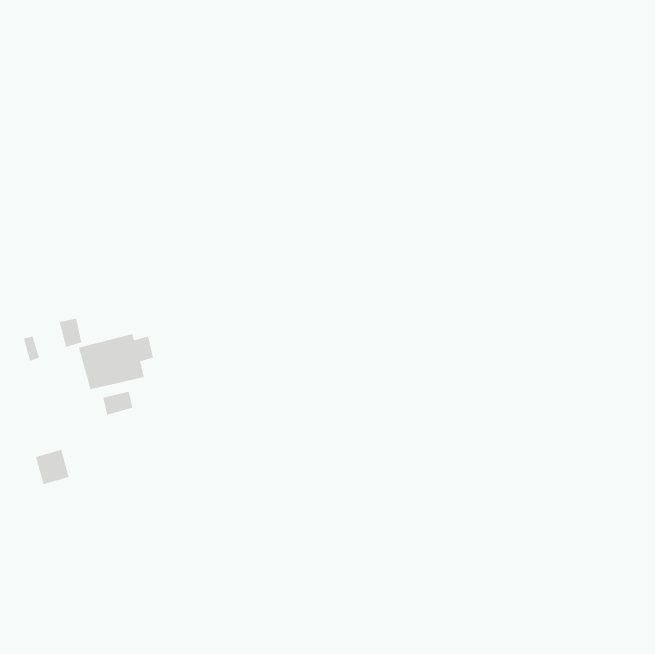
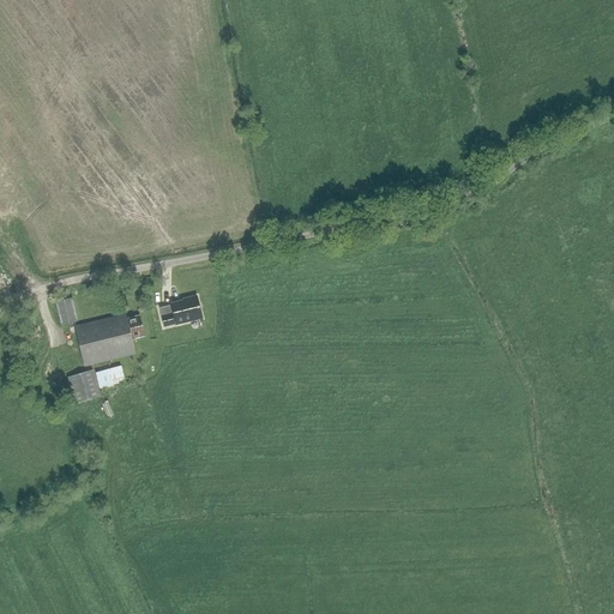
building: none -> [159,295,201,325]
building: [35,449,70,485] -> [67,369,100,403]

